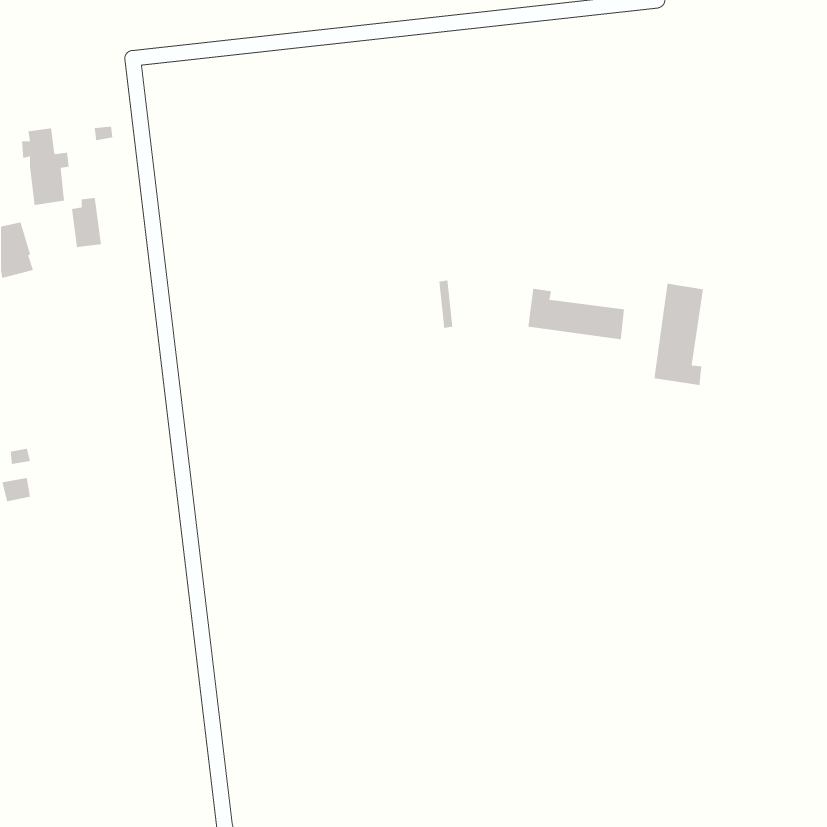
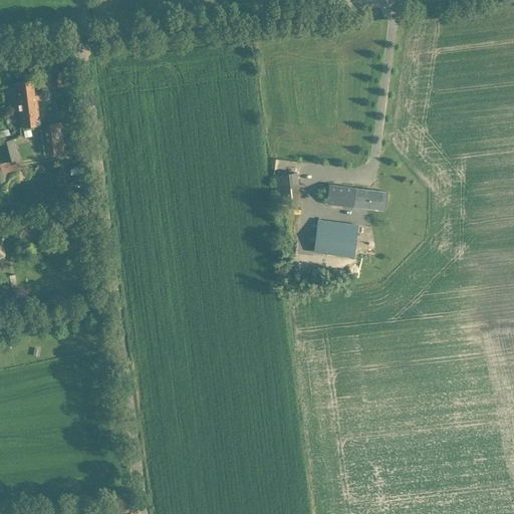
building: [654,283,703,386] -> none
building: none -> [313,219,358,257]

